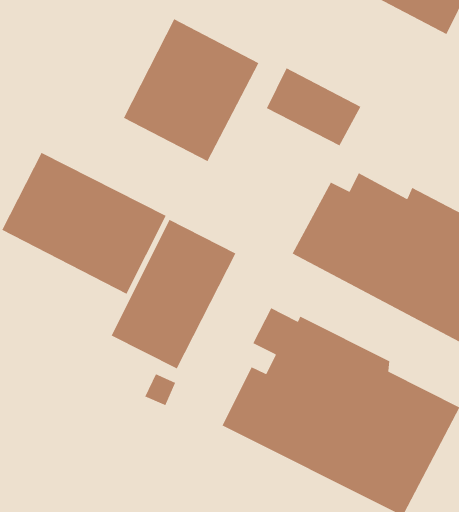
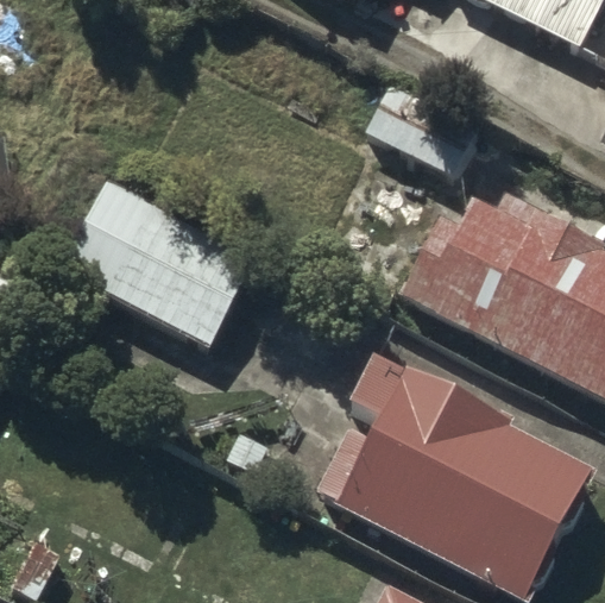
building: [123,18,260,162] -> none
building: [110,219,236,369] -> none

